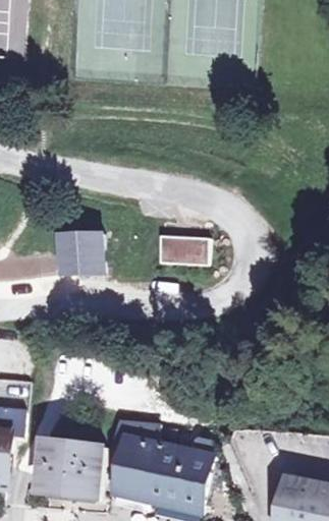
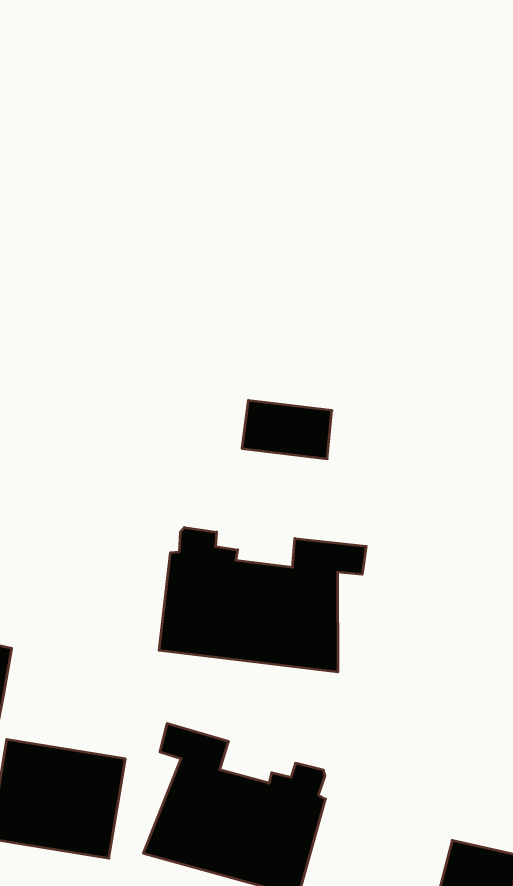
building: [55,235,100,276] -> none
building: none -> [159,527,366,672]

